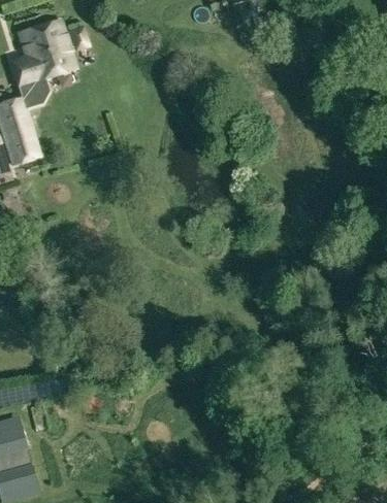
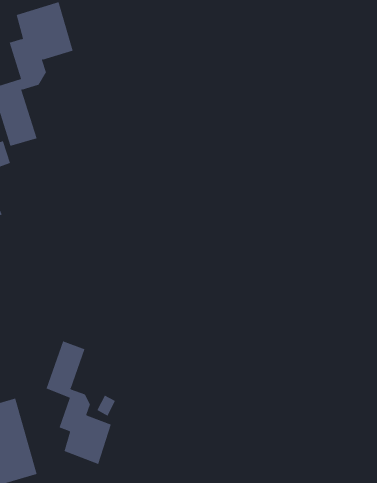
building: none -> [46,341,112,465]

